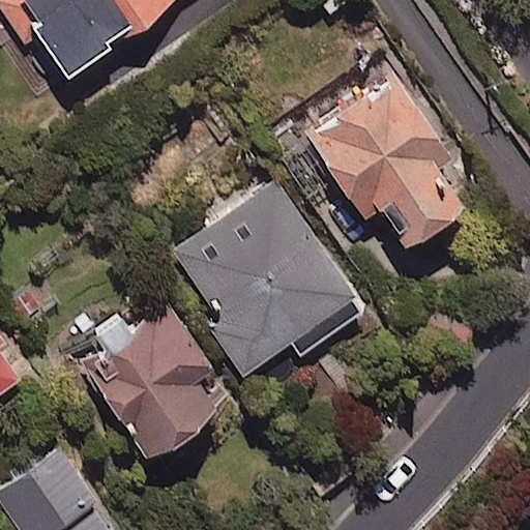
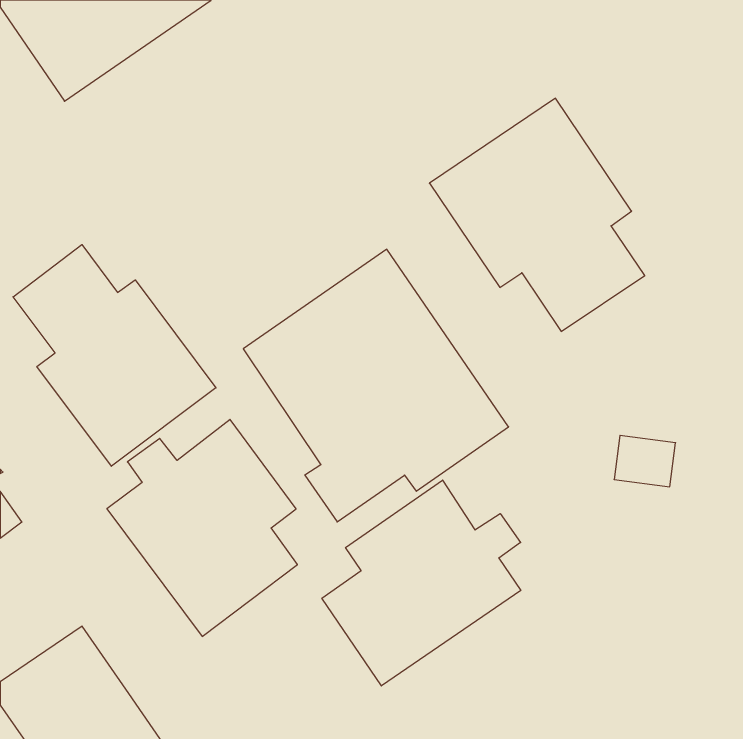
building: none -> [13,245,216,466]
building: none -> [322,480,521,686]

